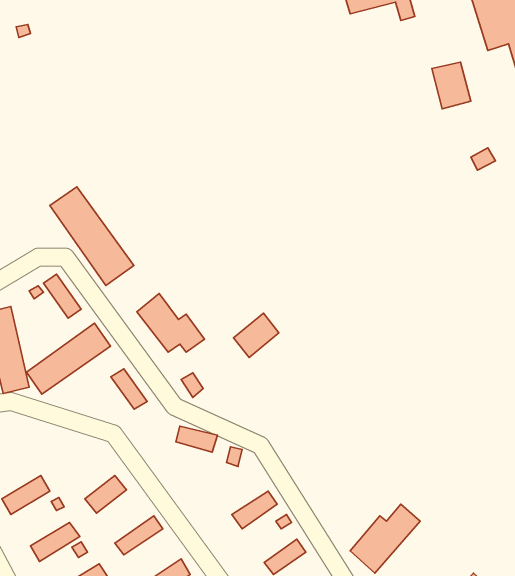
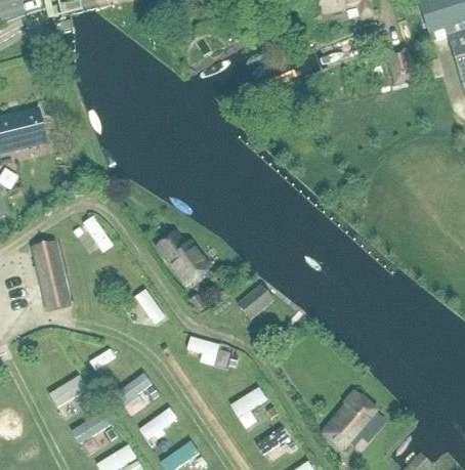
building: [50,187,134,285] -> none
building: [233,313,279,357] -> [240,285,276,319]
building: [27,323,111,394] -> none

